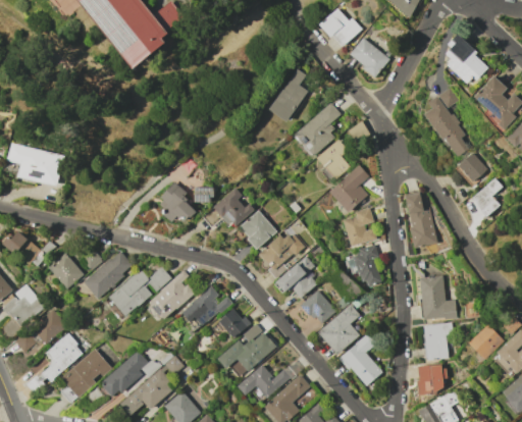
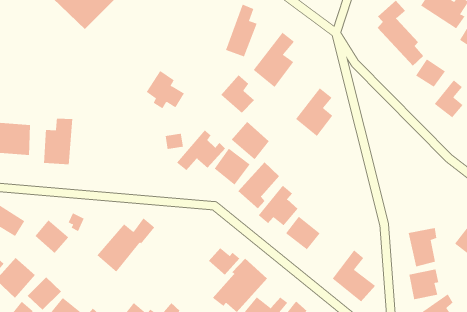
building: [317,139,351,178] -> [220,75,255,114]
building: none -> [44,118,73,165]
building: [158,182,197,223] -> [146,70,185,109]
building: none -> [231,121,270,160]
building: [406,192,437,248] -> none
building: [343,210,377,246] -> none
building: [356,244,380,286] -> none
building: [84,250,134,299] -> none
building: [148,269,194,320] -> none
building: [420,275,457,320] -> none
building: [181,286,231,328] -> none
building: [318,304,360,354] -> none

